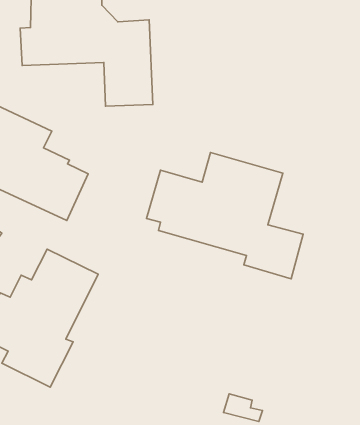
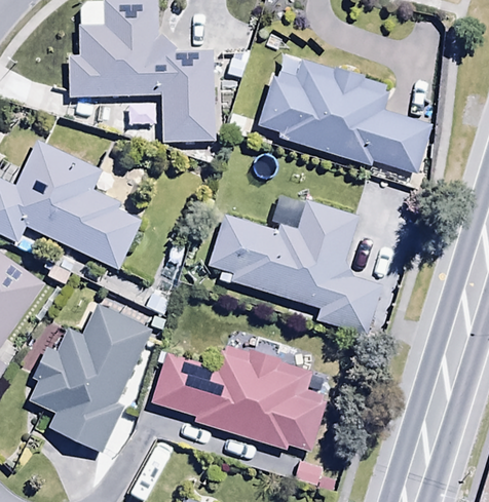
building: none -> [258,55,430,173]
building: none -> [152,341,326,451]

